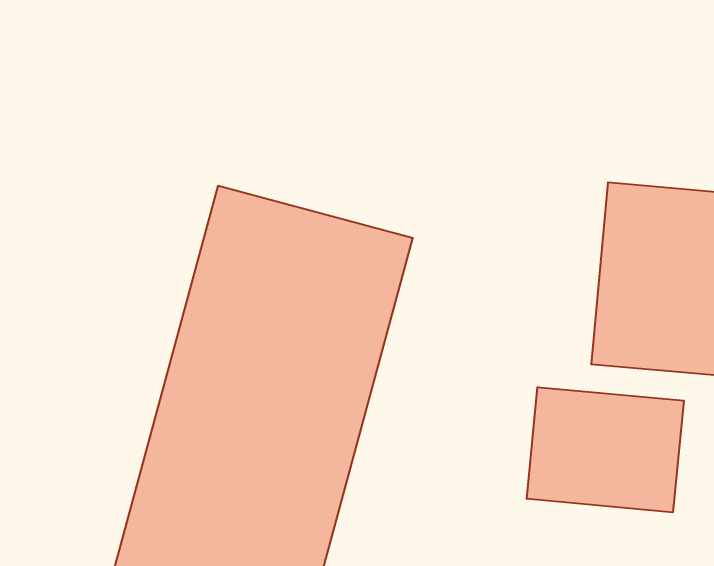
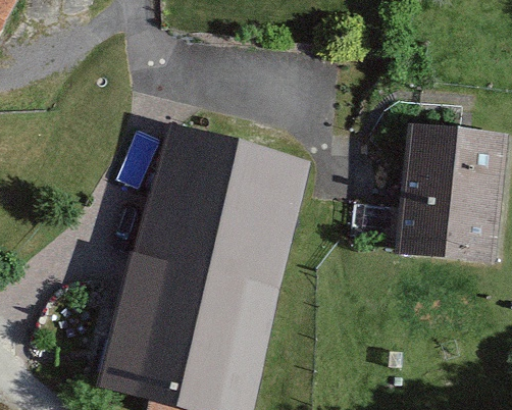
building: [527,387,684,512] -> none

